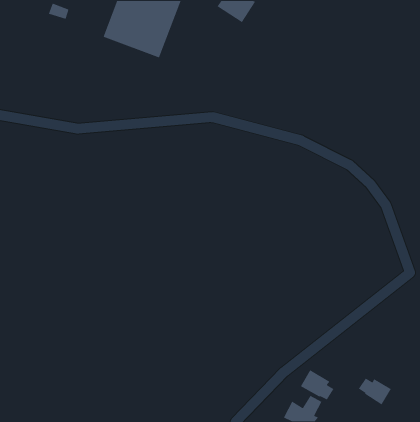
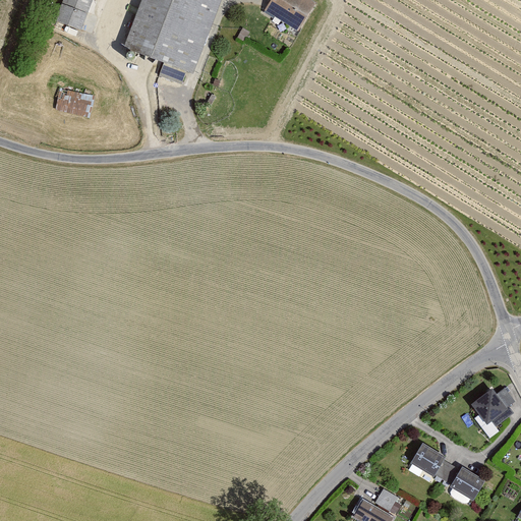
building: none -> [54,89,92,116]
building: none -> [468,388,513,429]
building: [300,369,335,401] -> [407,441,450,479]

